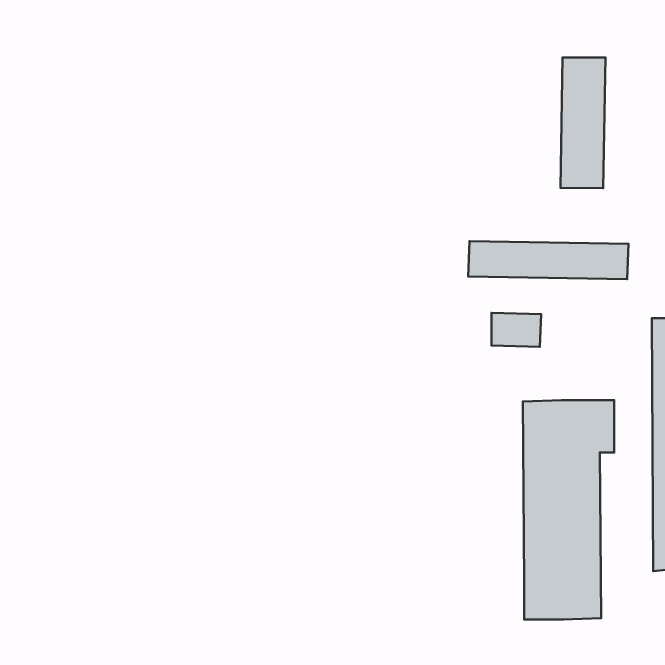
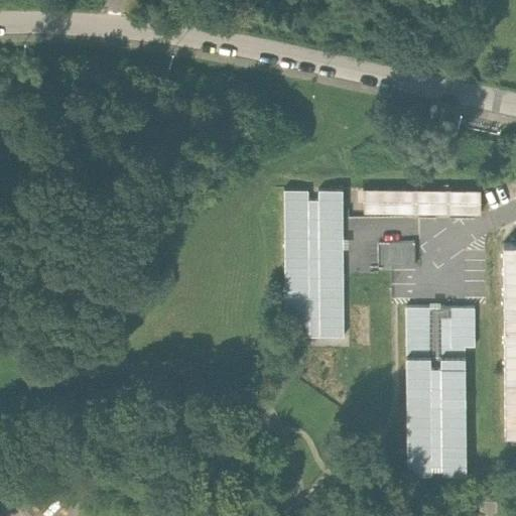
building: [560,58,605,188] -> none
building: none -> [283,191,344,339]

